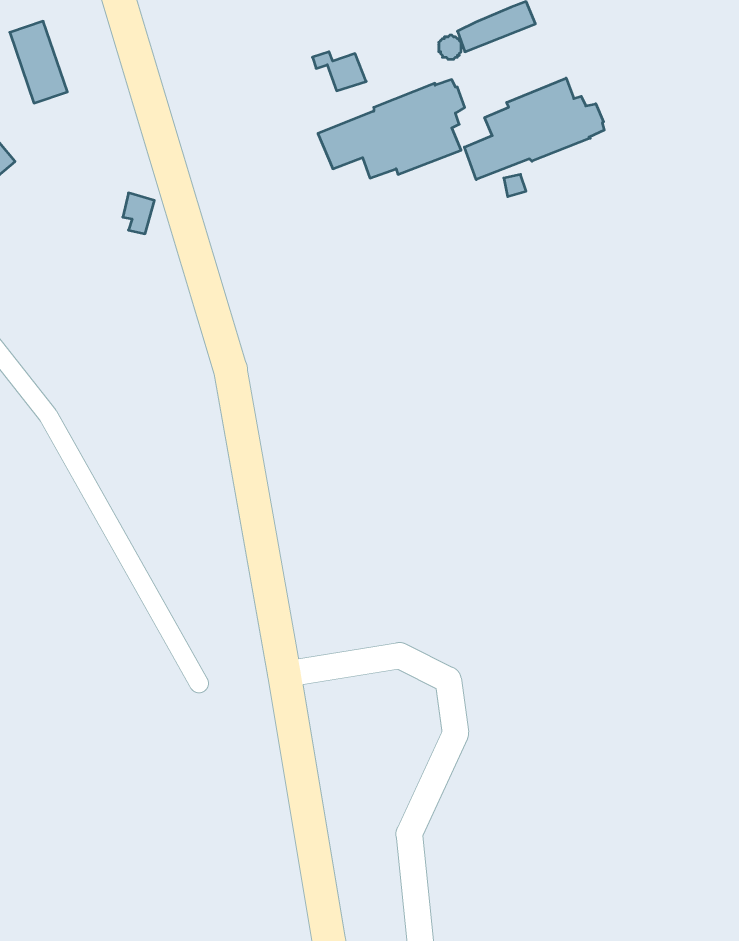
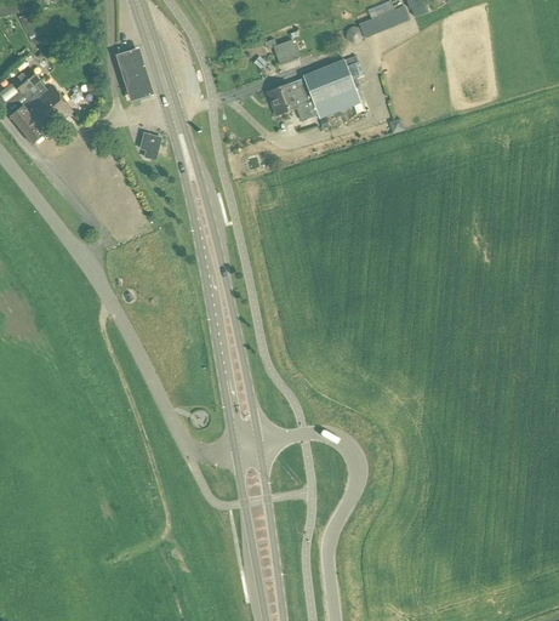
building: [10,21,67,103] -> [114,44,152,97]
building: [464,78,604,180] -> none

